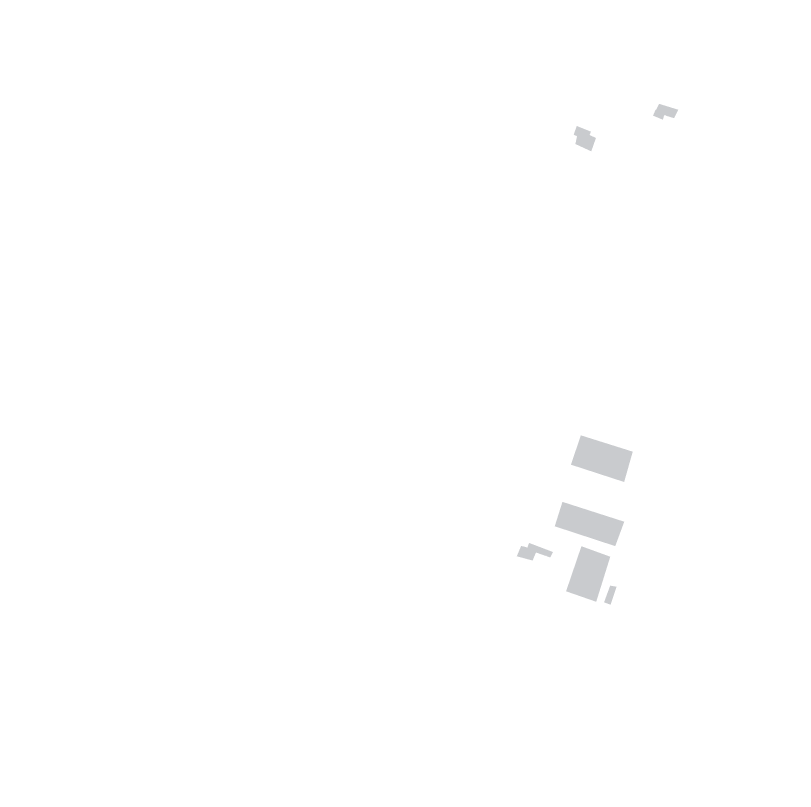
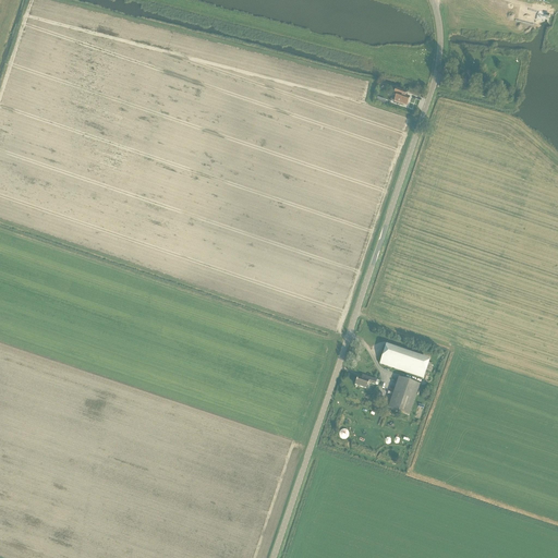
building: [570,435,634,483] -> none

